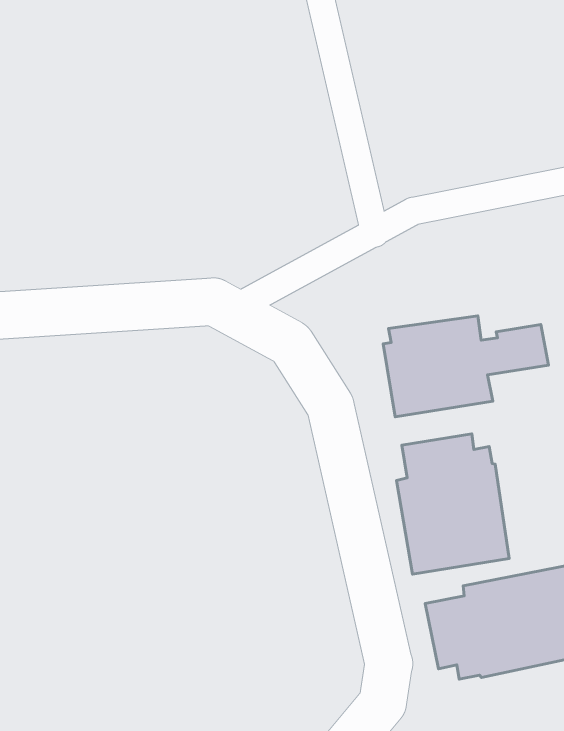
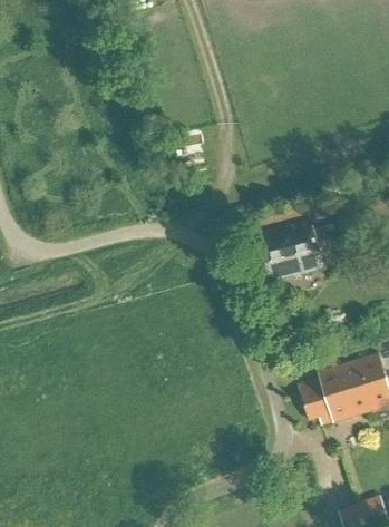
building: [397,434,509,574] -> none

